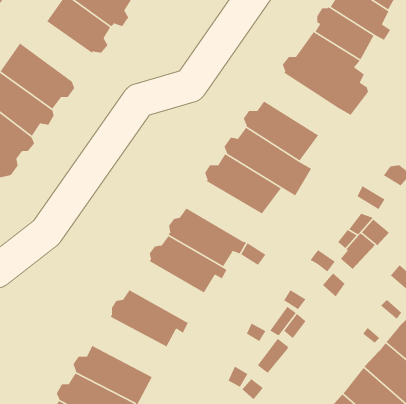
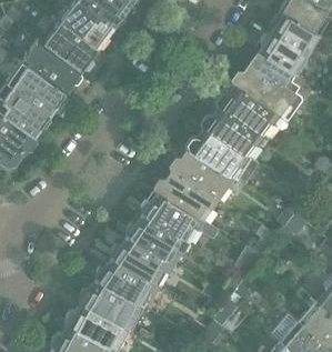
building: none -> [22,40,82,92]
building: none -> [217,86,278,135]
building: none -> [154,172,217,220]
building: none -> [110,237,174,284]
building: none -> [79,281,143,330]

